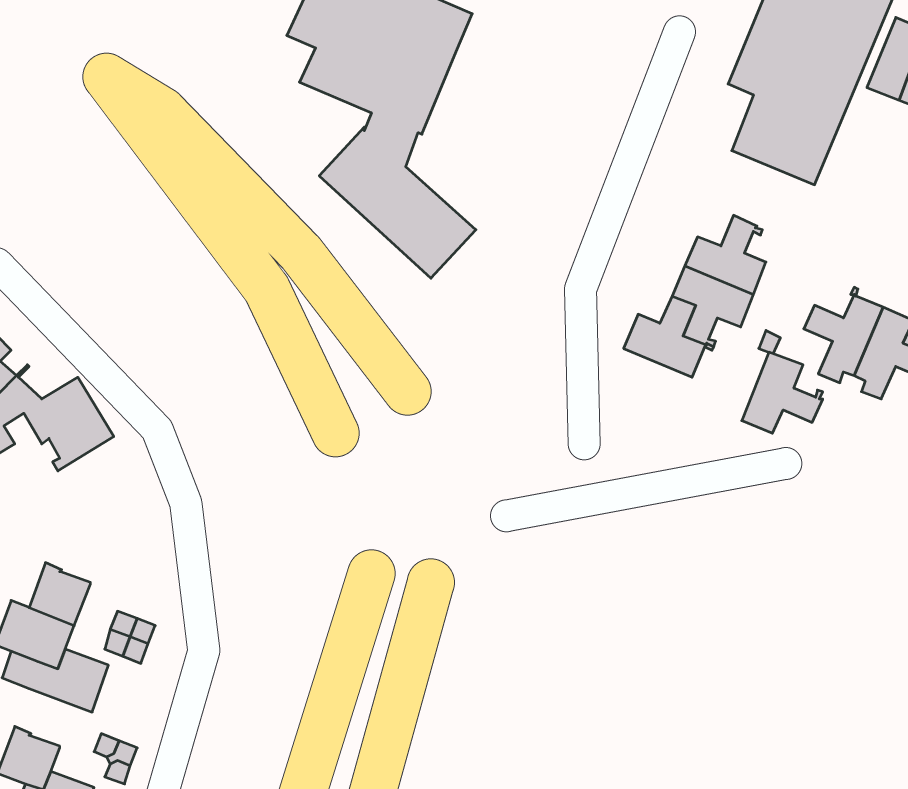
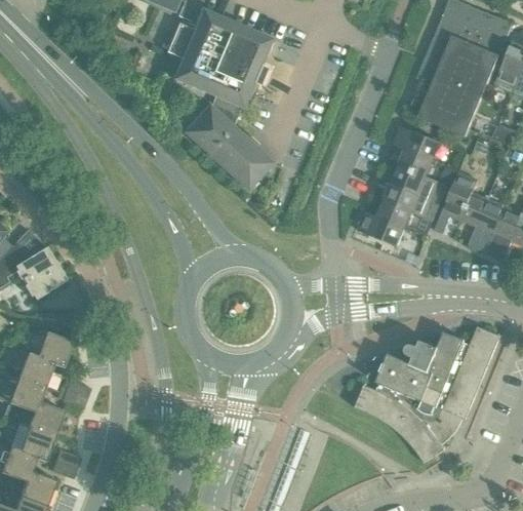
building: none -> [393,124,440,170]
building: [742,352,823,433] -> [442,171,488,218]
building: none -> [353,324,500,461]
building: none -> [36,330,73,366]
building: none -> [10,423,54,461]

